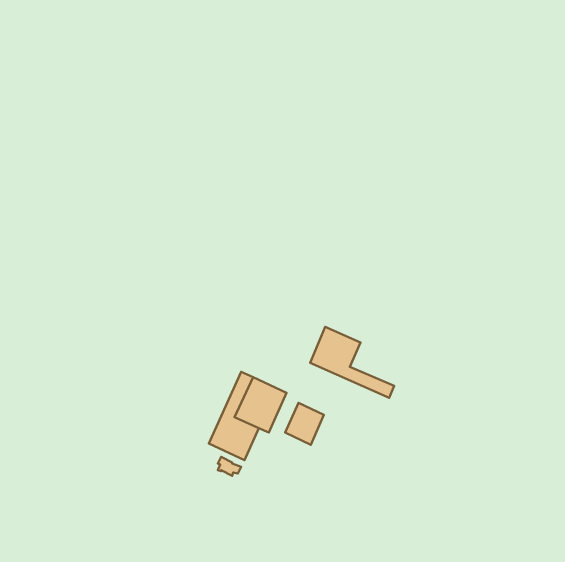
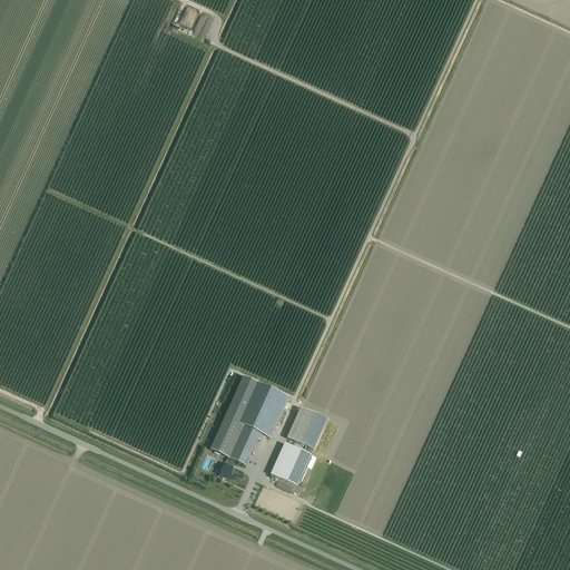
building: [310,327,394,398] -> none
building: none -> [268,441,316,483]

